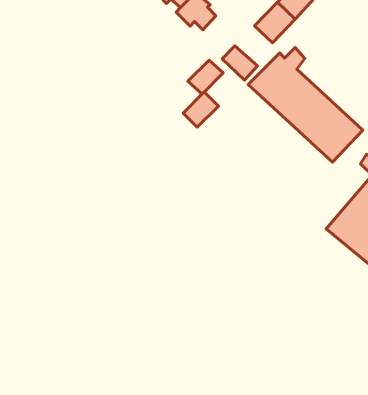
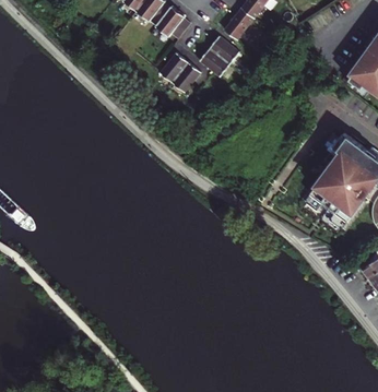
building: none -> [210,37,241,66]
building: [248,48,363,162] -> none
building: [183,92,218,127] -> [160,54,189,84]

